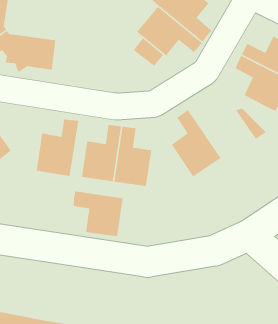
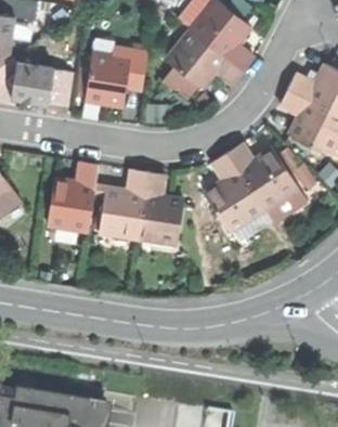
building: none -> [86,48,147,106]
building: none -> [226,142,308,223]
building: [73,191,123,237] -> none

